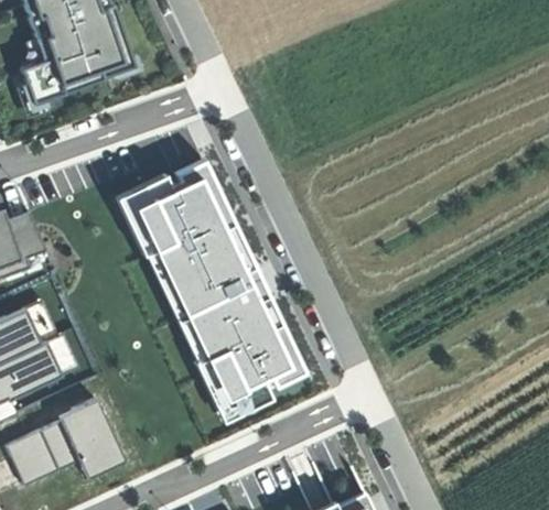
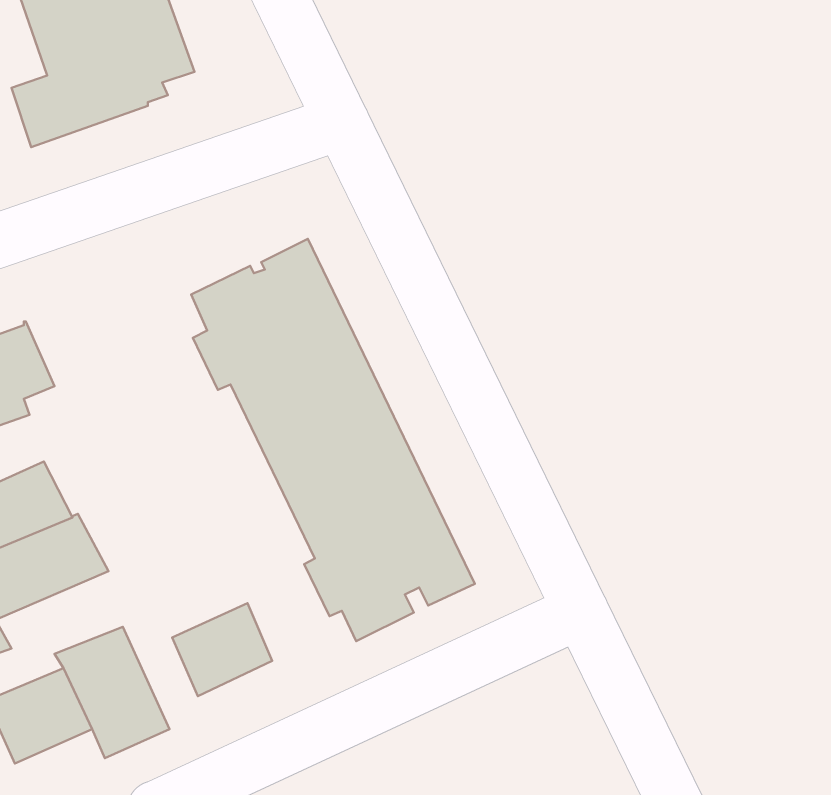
building: none -> [172,603,272,696]

